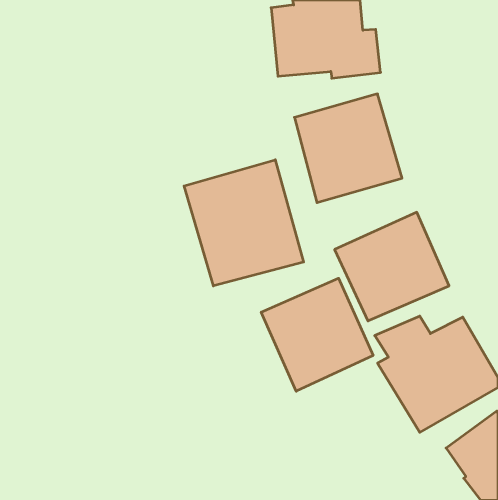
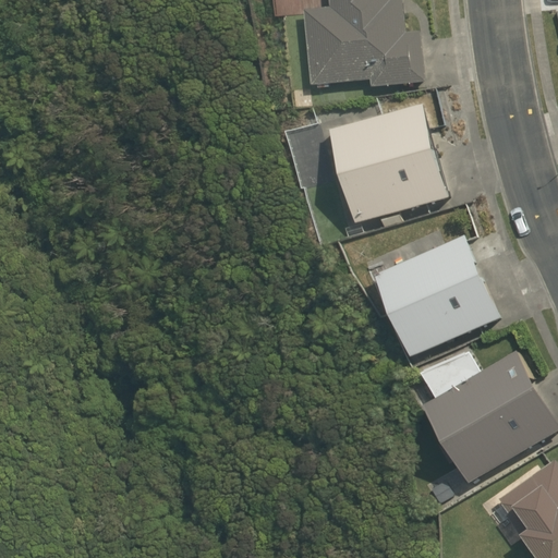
building: [184,160,304,286] -> none
building: [261,278,373,391] -> none

